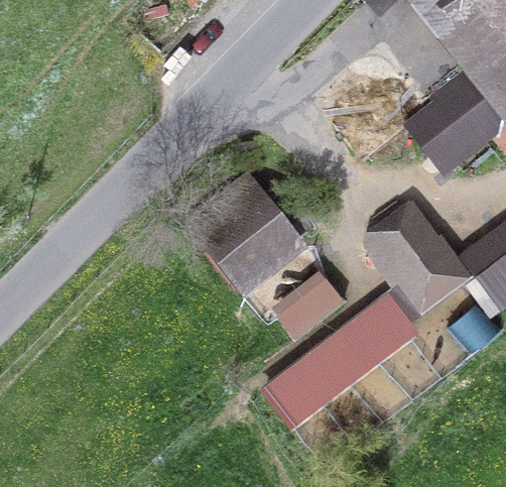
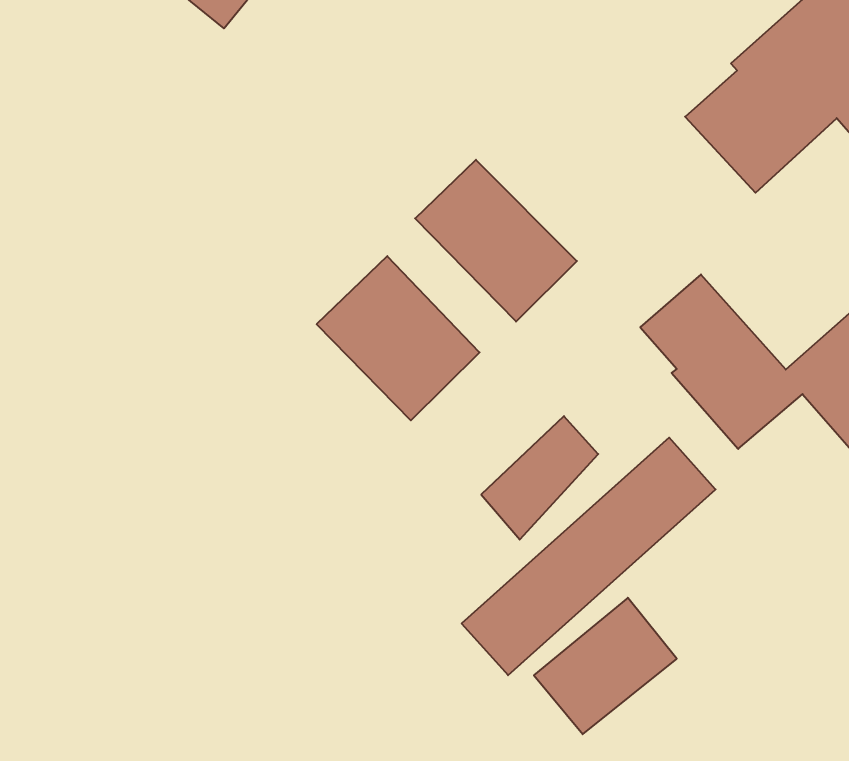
building: none -> [415,160,577,322]

